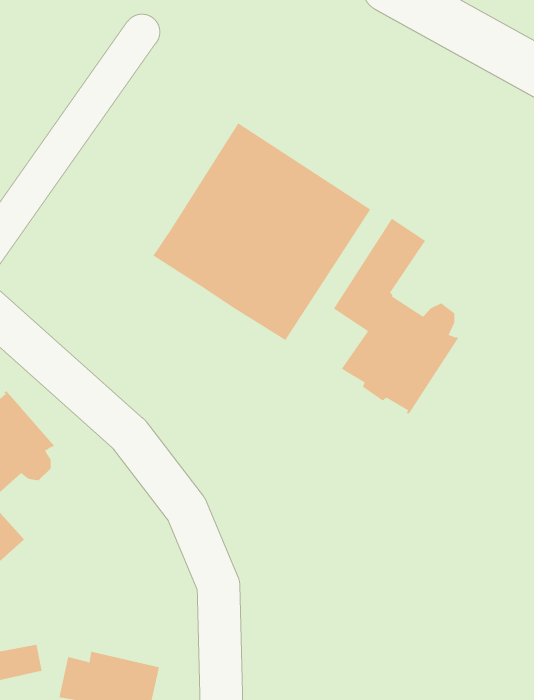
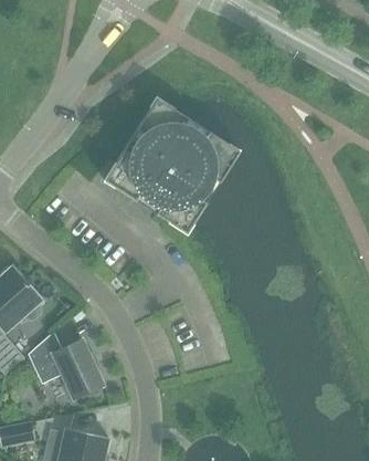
building: [333,218,459,414] -> none
building: none -> [28,331,103,399]

